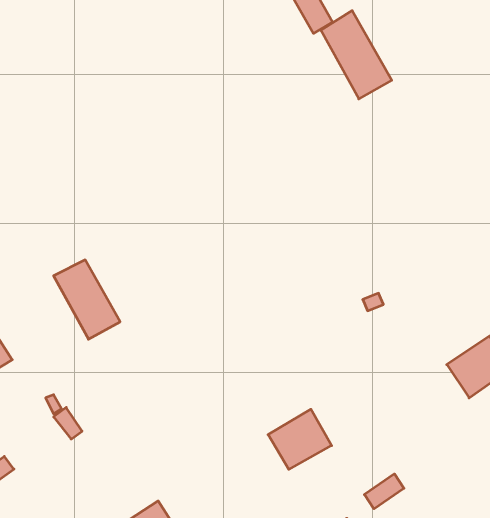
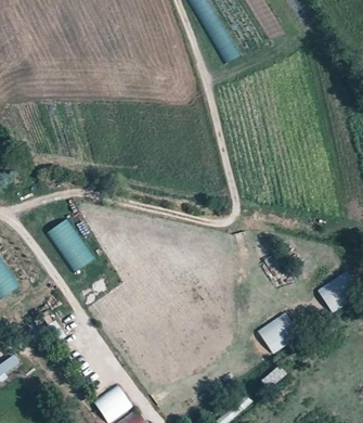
building: [321,11,392,99] -> none
building: [268,409,332,469] -> [257,312,300,354]

